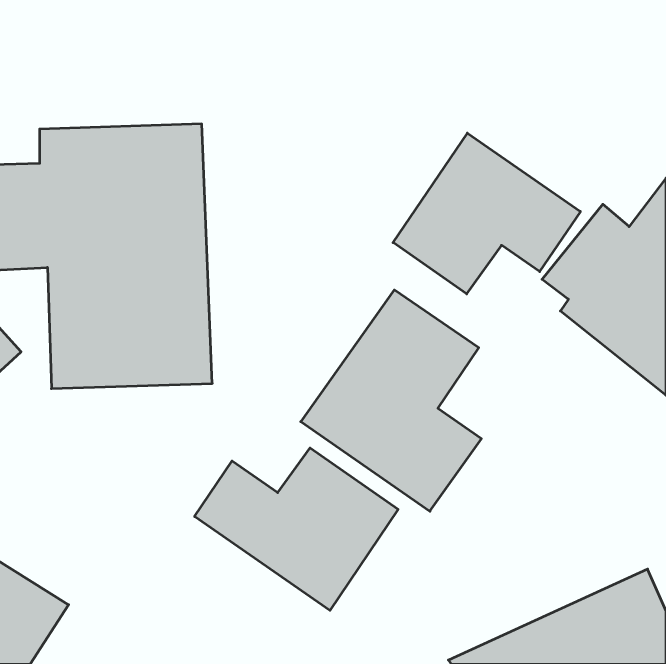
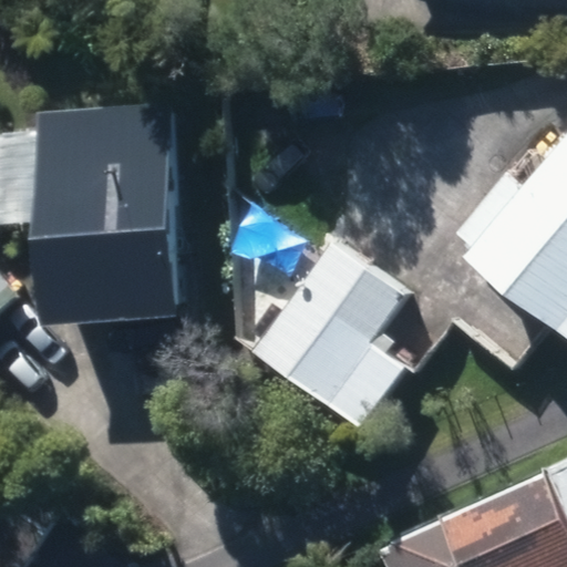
building: [393,133,580,294] -> none
building: [195,448,398,610] -> none

